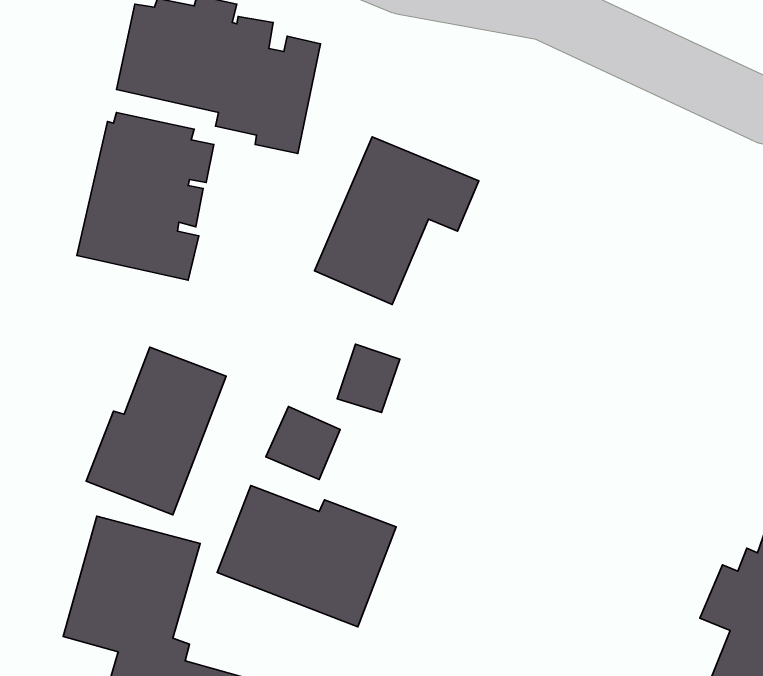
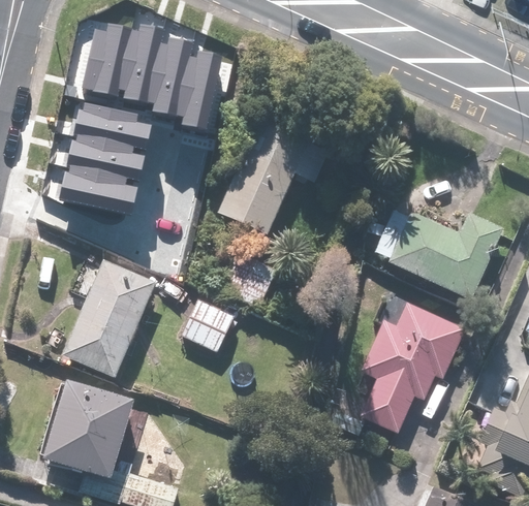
building: none -> [369,201,503,297]
building: none -> [353,289,463,430]
building: [217,485,396,627] -> none

